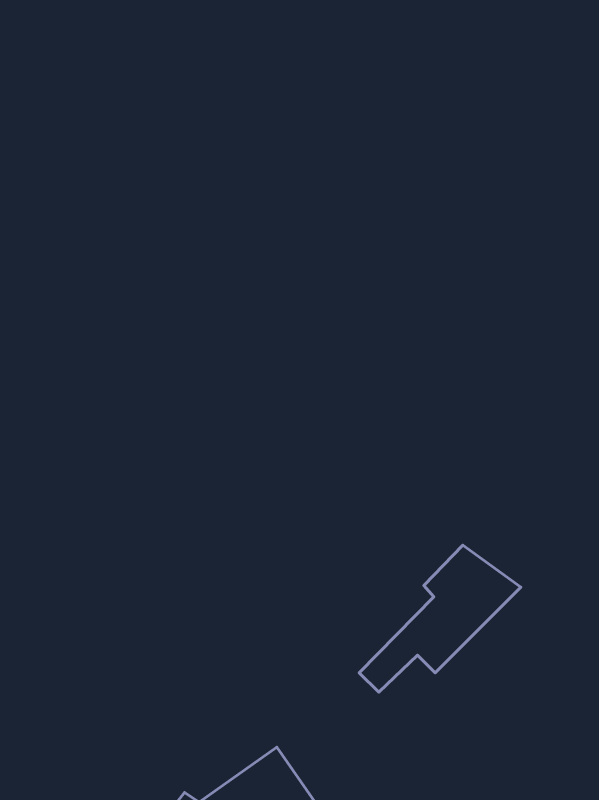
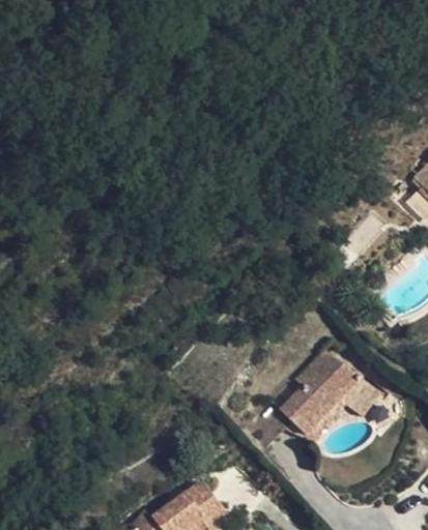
building: none -> [304,378,380,438]

